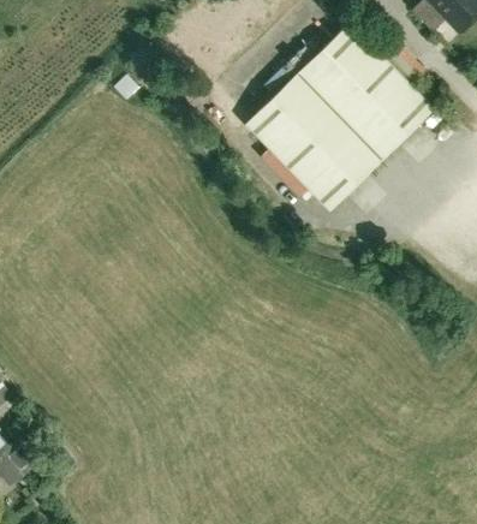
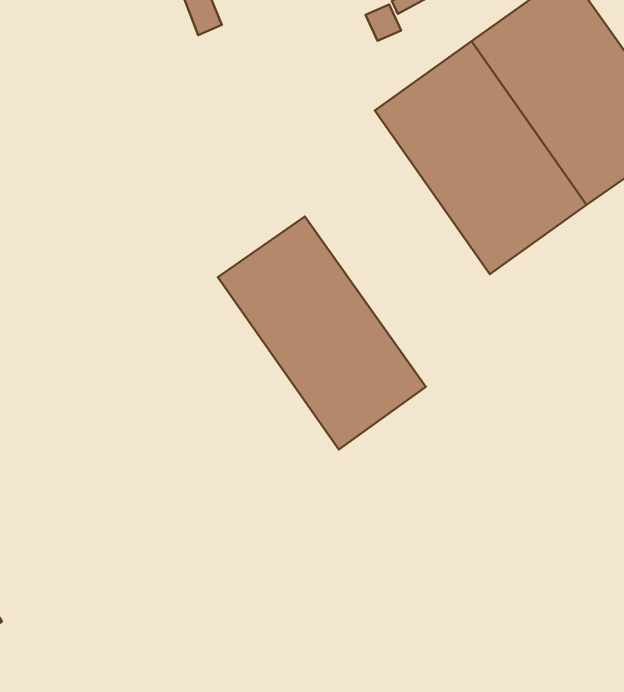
building: none -> [218,216,426,449]

